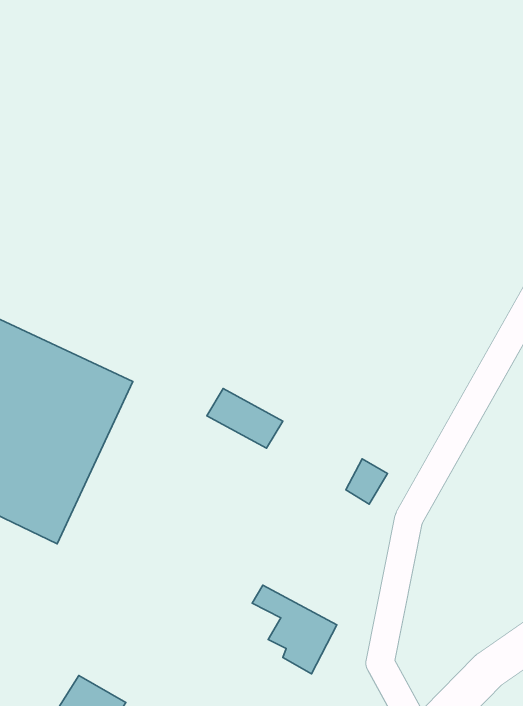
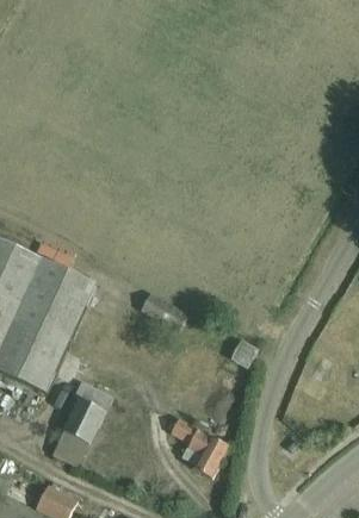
building: none -> [52,383,111,467]

